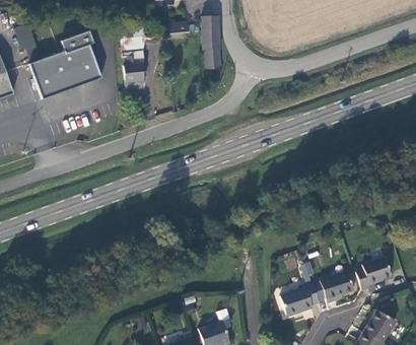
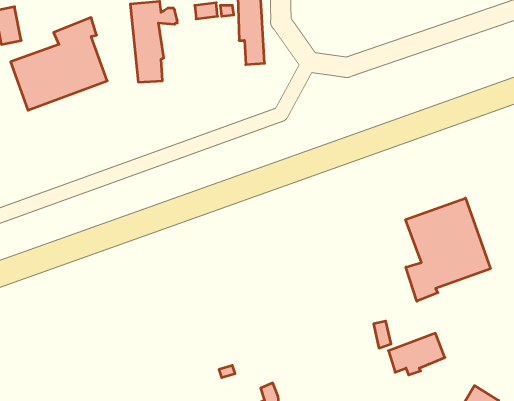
building: none -> [406,198,490,301]
building: [356,257,391,288] -> none
building: [280,283,319,315] -> none

